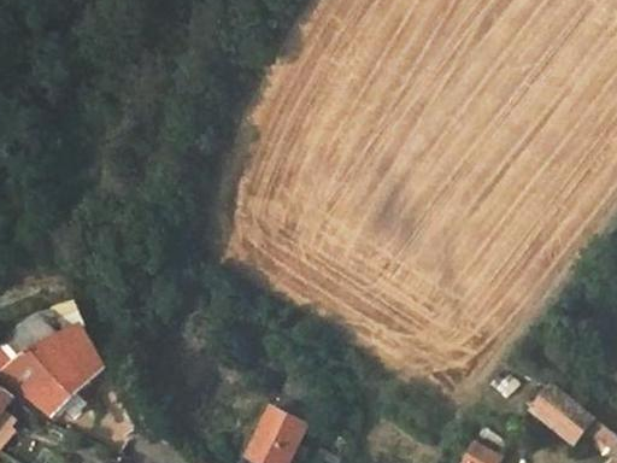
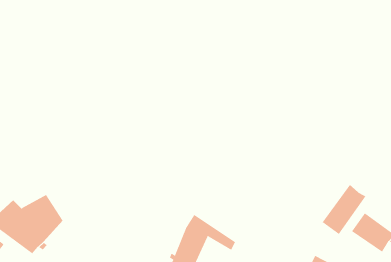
building: none -> [322,184,366,235]

